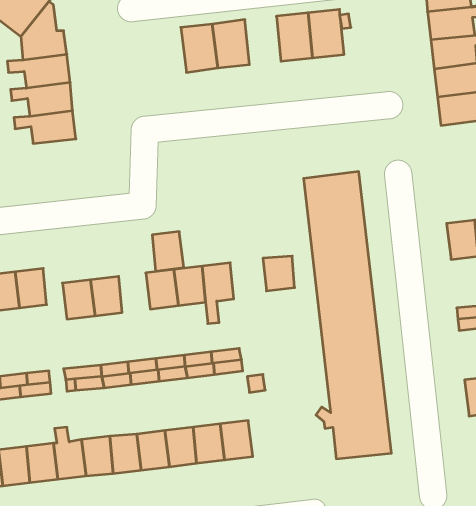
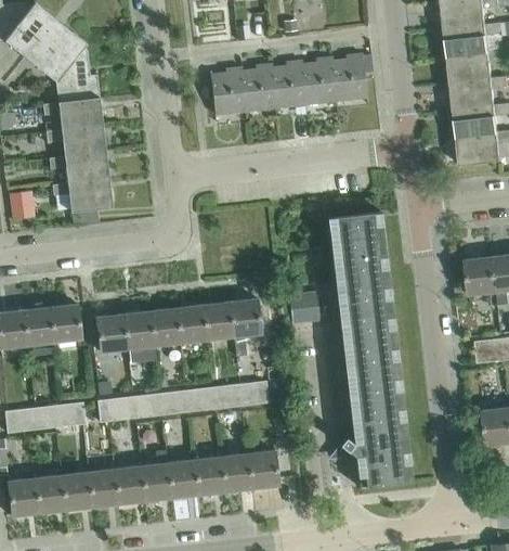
building: none -> [271,61,305,107]
building: none -> [52,179,112,212]
building: [152,232,184,271] -> [149,308,180,346]

